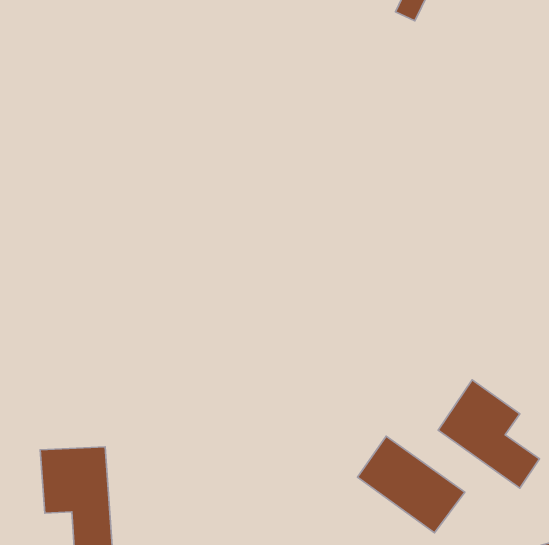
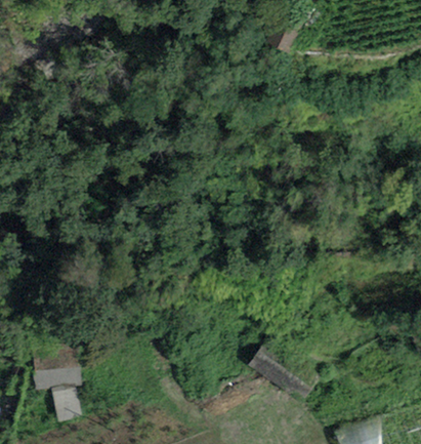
building: [438,380,539,488] -> none

